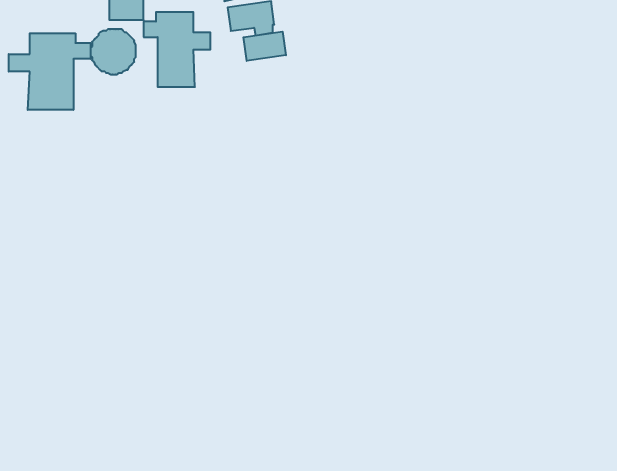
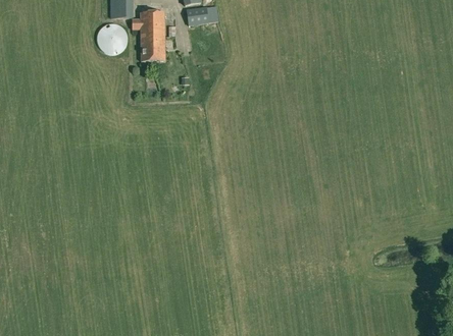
building: [243,32,286,61] -> none
building: [9,33,91,110] -> none

